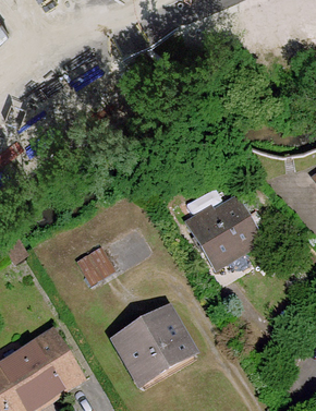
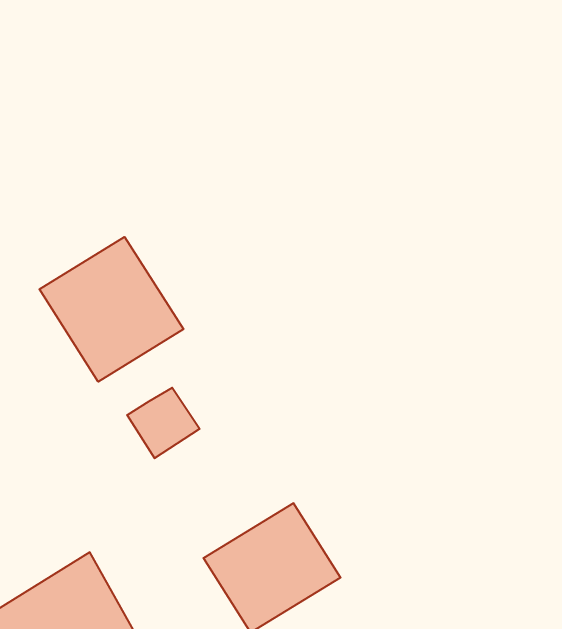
building: none -> [39,237,183,382]
building: [184,198,257,265] -> none

